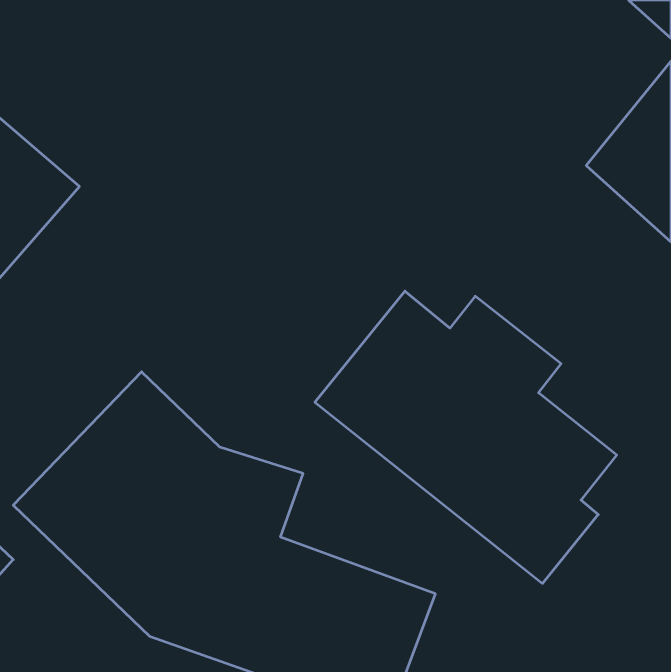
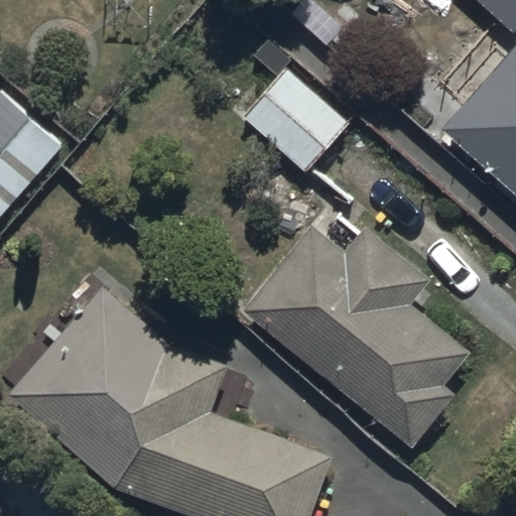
building: none -> [240,64,352,176]

